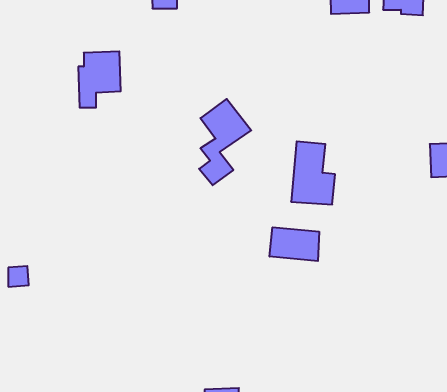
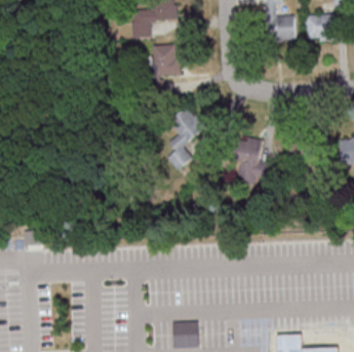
building: [78,51,121,108] -> [149,44,181,86]
building: [270,227,319,261] -> none

